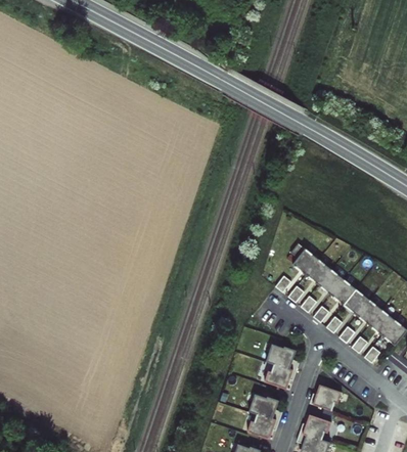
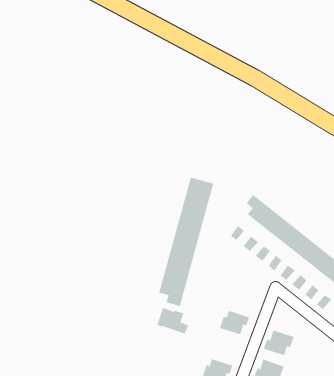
building: none -> [158,177,214,307]
building: [265,344,299,371] -> none
building: [248,394,282,421] -> [156,307,189,334]

